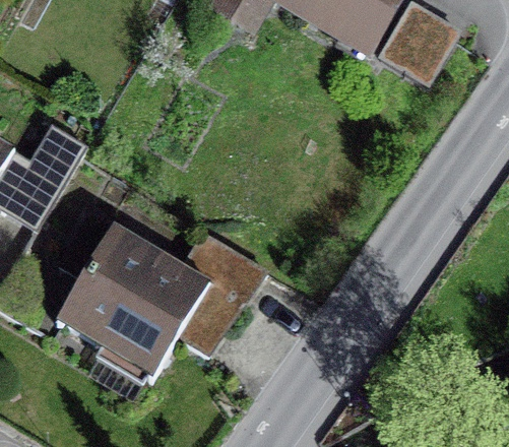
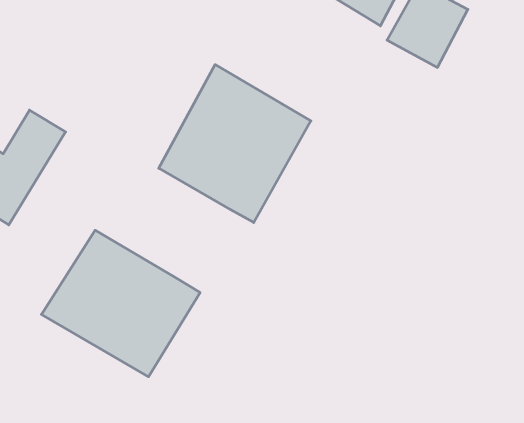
building: none -> [159,65,311,223]
building: [183,235,253,331] -> none

